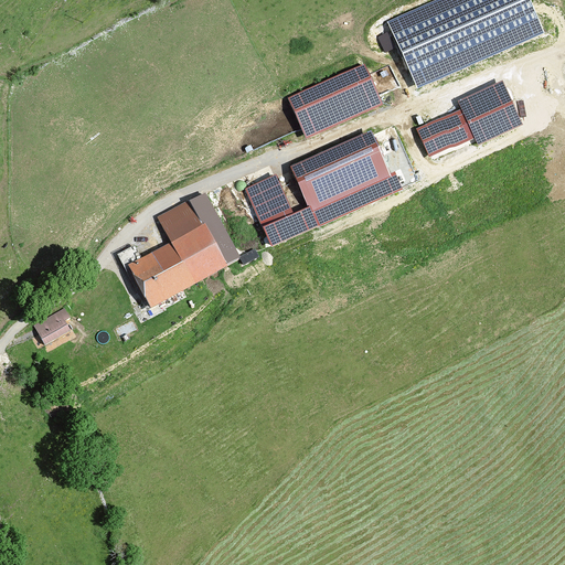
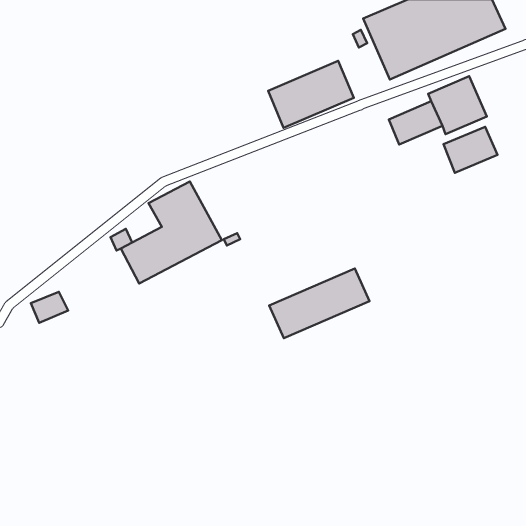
building: [246,131,401,245] -> none
building: none -> [443,127,497,173]
building: none -> [269,268,370,338]

